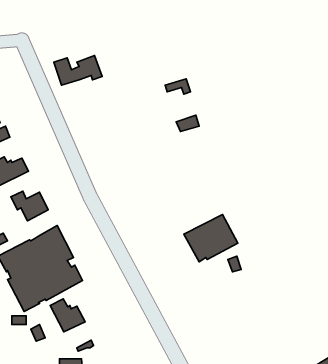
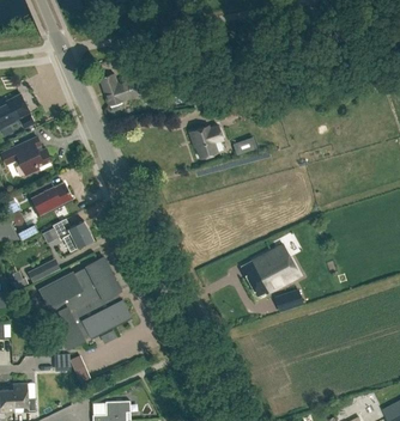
building: none -> [189,124,223,158]
building: [50,299,85,332] -> none

